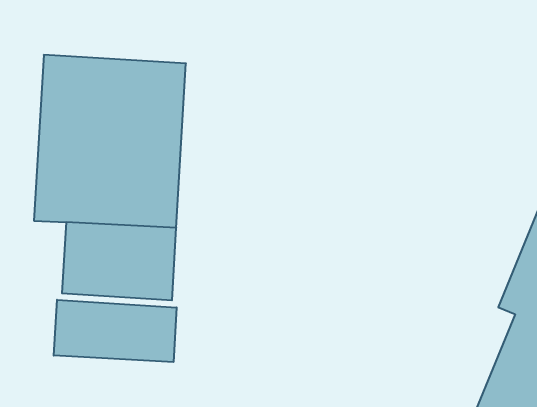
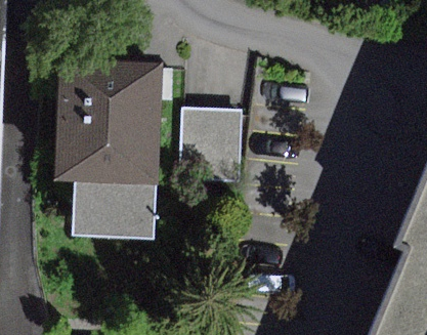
building: none -> [181,110,240,180]
building: [54,300,177,362] -> none

